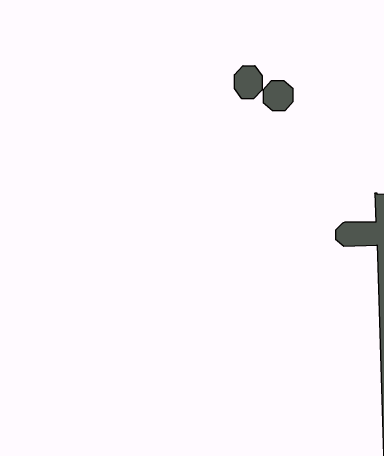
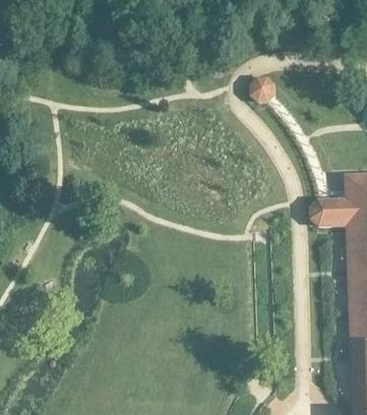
building: [234,66,262,99] -> none

